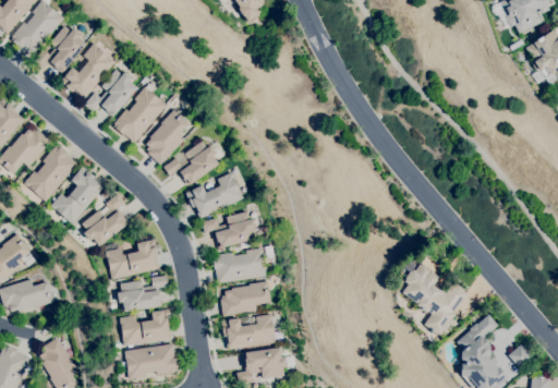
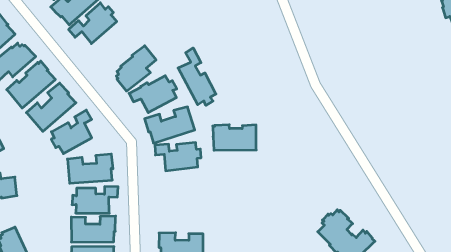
building: [113,87,167,143] -> none
building: none -> [178,48,216,105]
building: [214,247,267,283] -> [213,125,256,150]
building: [221,281,271,316] -> none

